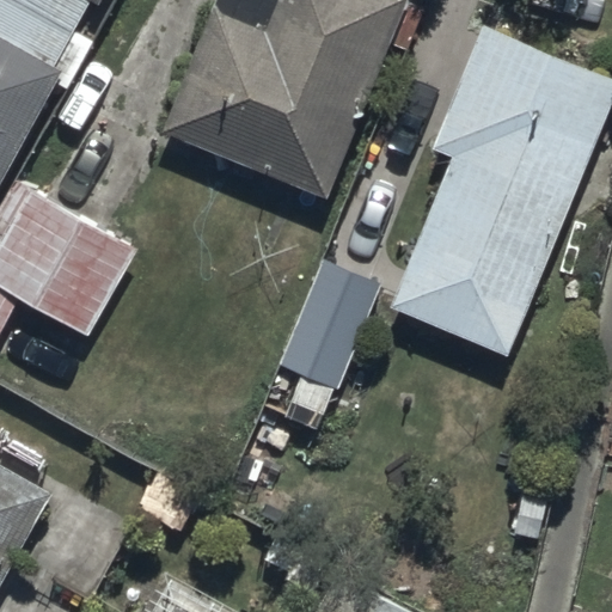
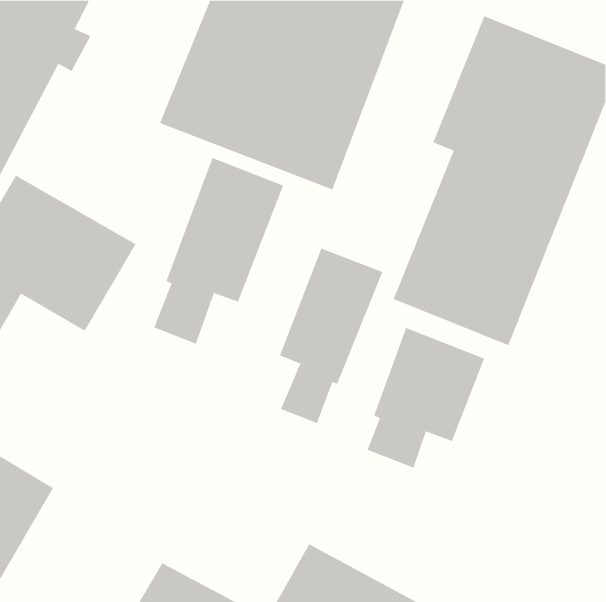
building: none -> [154,157,284,345]
building: none -> [367,327,485,468]

